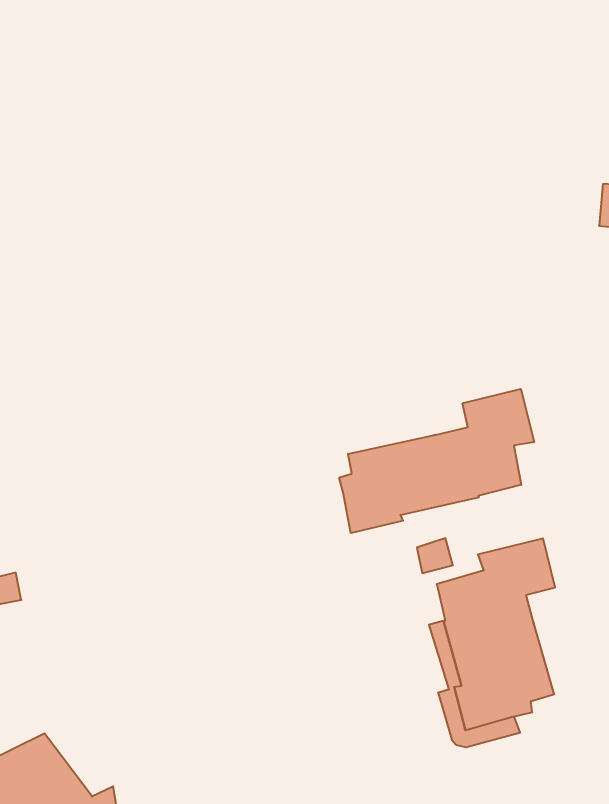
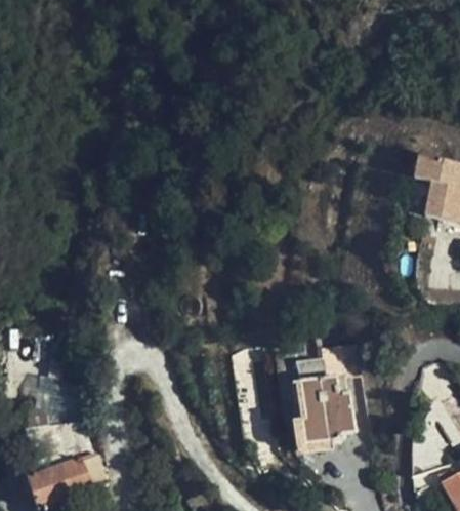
building: [339,389,534,533] -> none

